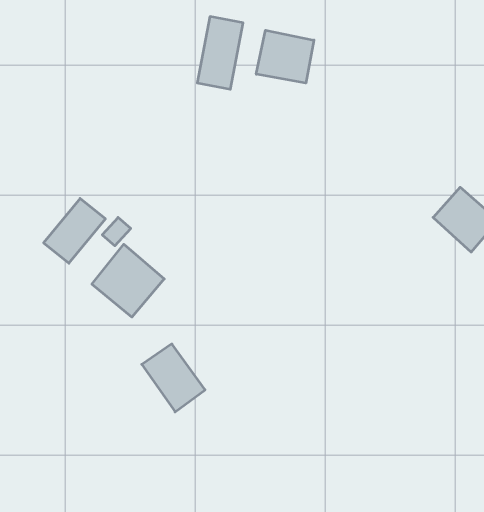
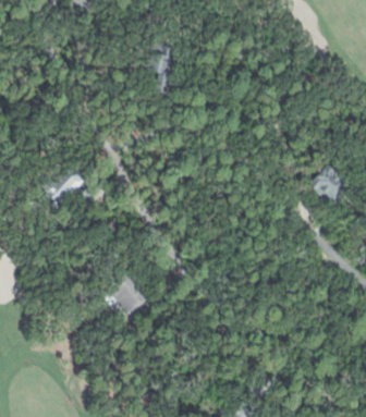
building: [256,30,314,83] -> none
building: [92,244,164,317] -> none

